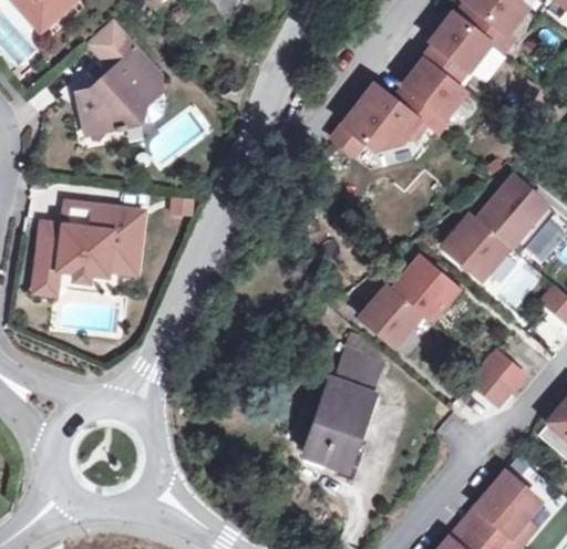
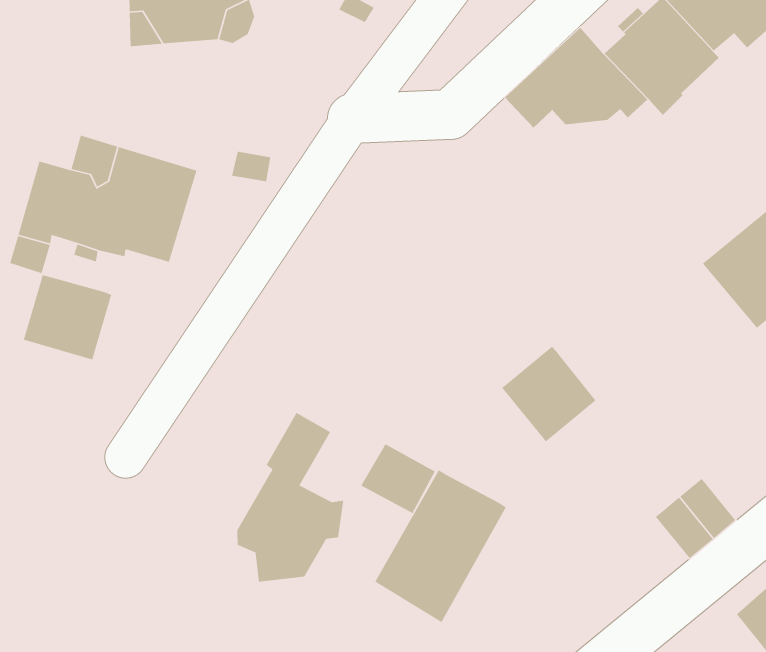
building: [441,210,509,278] -> none
building: [394,258,460,322] -> none
building: none -> [23,274,112,360]
building: [337,349,383,391] -> [360,443,436,514]
building: none -> [236,412,344,582]

